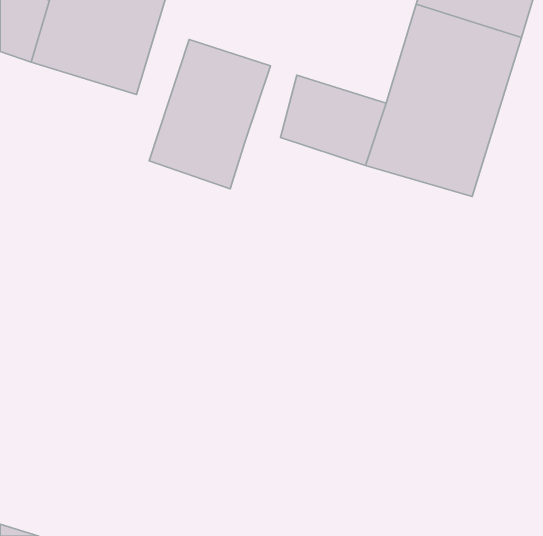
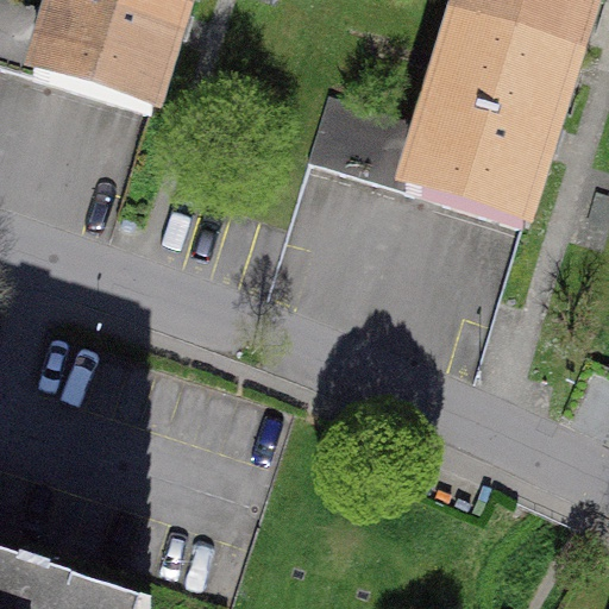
building: [149,40,270,189] -> none

